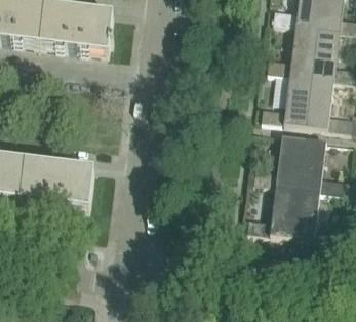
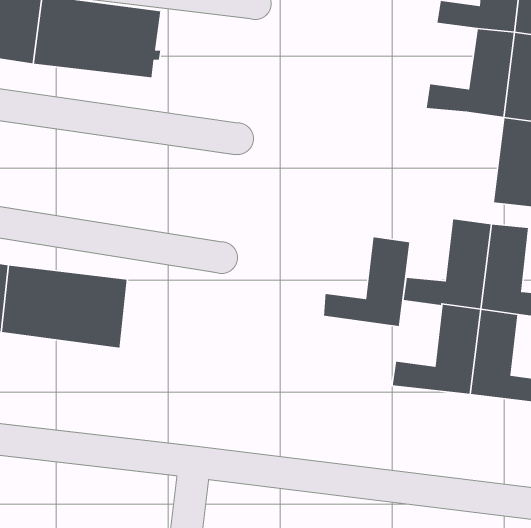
building: [261,73,311,125] -> [323,236,410,327]

